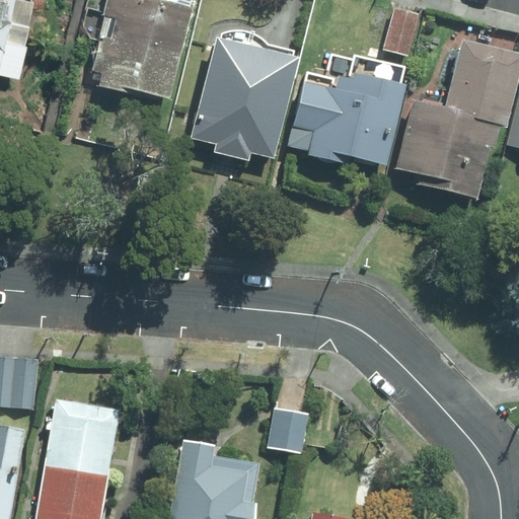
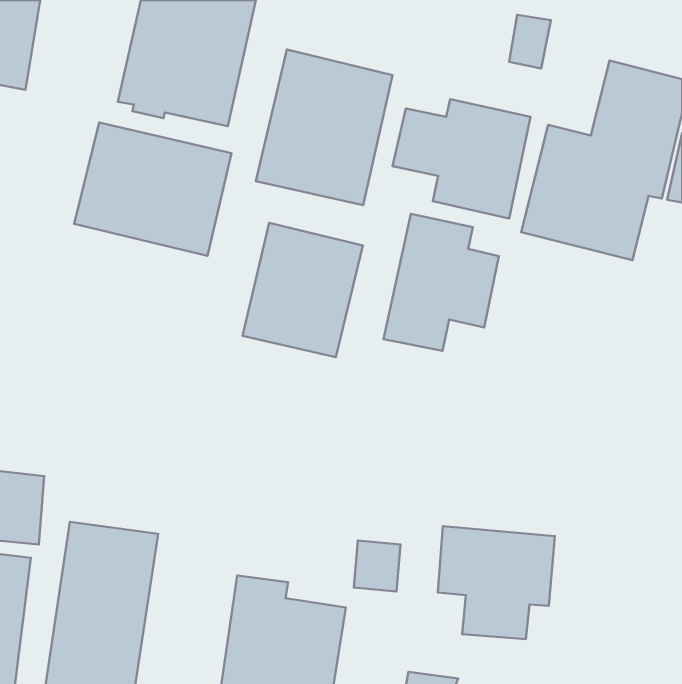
building: none -> [74,123,232,256]
building: none -> [383,214,499,351]
building: none -> [243,223,363,357]
building: none -> [438,526,555,639]

